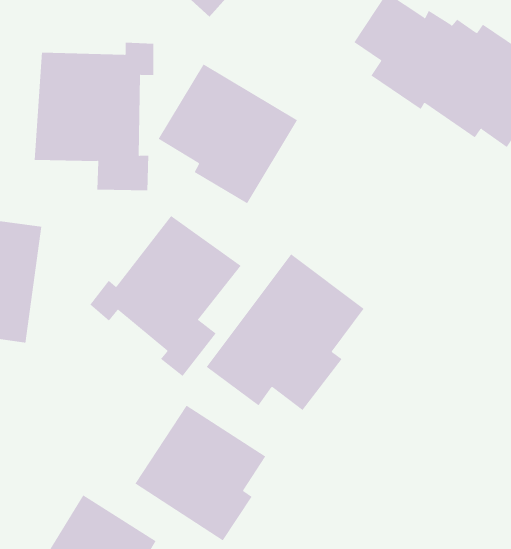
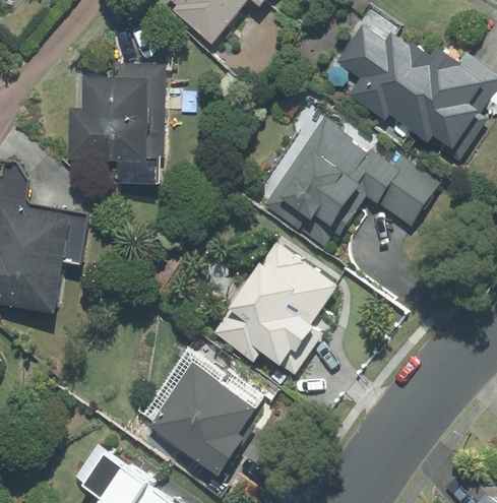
building: [158,64,298,204] -> none
building: none -> [262,104,443,248]
building: [89,215,241,377] -> none

